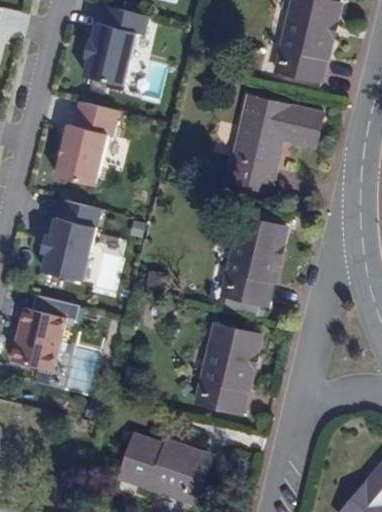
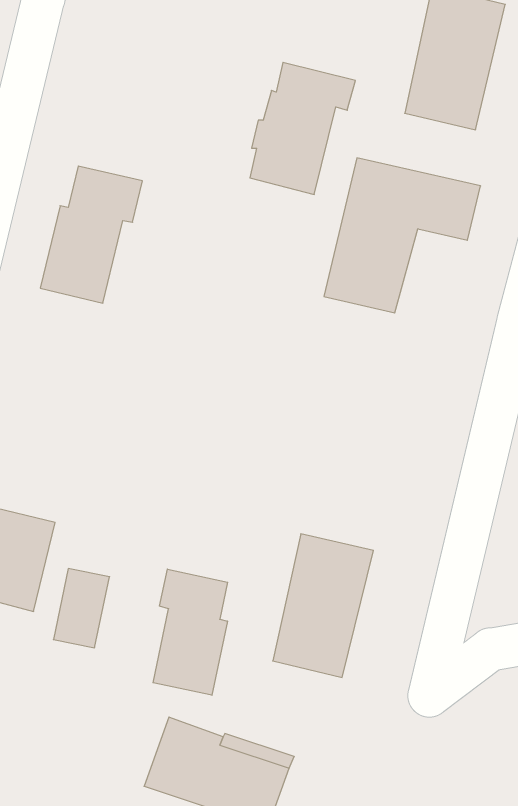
building: [85,6,149,86] -> [250,62,355,194]
building: [42,201,100,281] -> none
building: [223,217,285,305] -> none
building: none -> [153,569,228,695]

